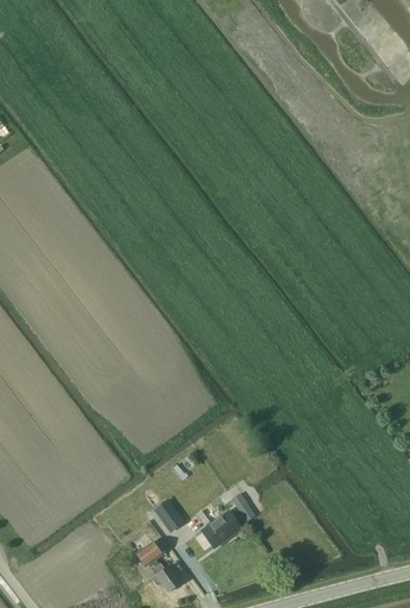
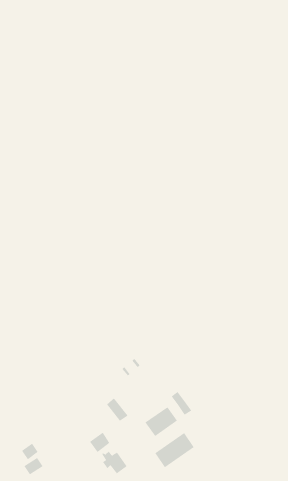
building: none -> [154,432,194,468]

